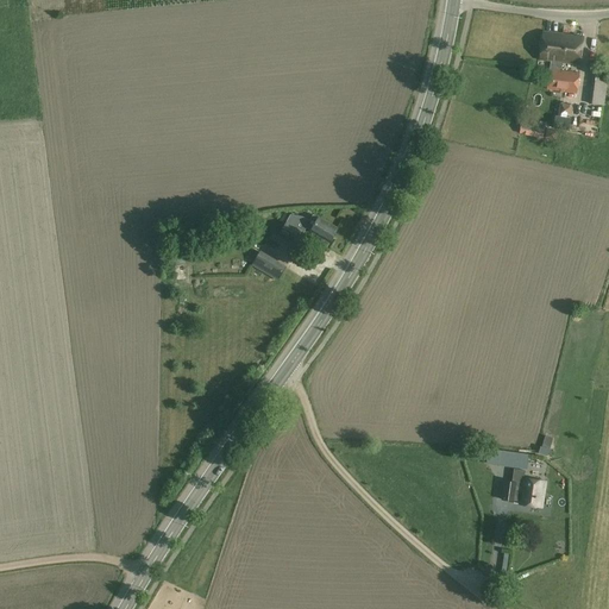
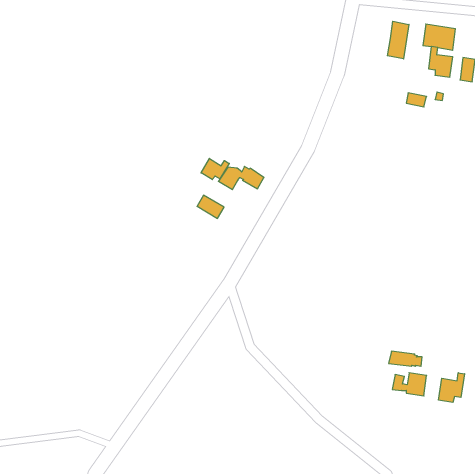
building: none -> [387,21,409,59]
building: none -> [201,158,229,180]
building: none -> [439,373,465,402]

